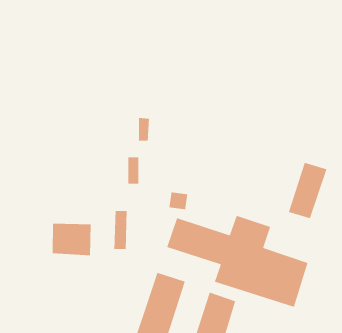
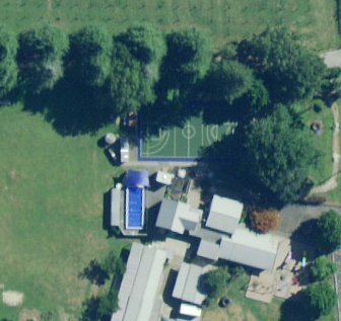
building: [288,162,328,219] -> none
building: [52,223,92,256] -> none

